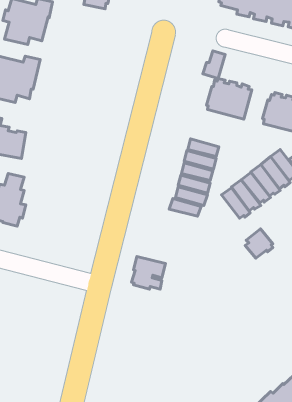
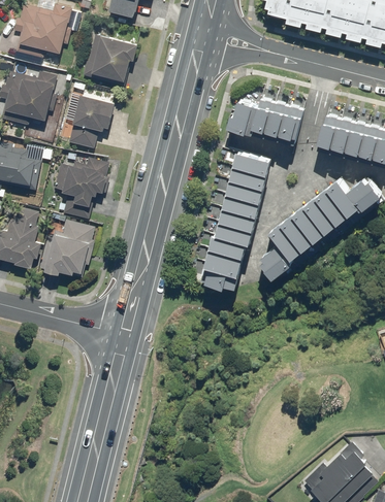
building: none -> [84,34,137,86]
building: [203,51,225,78] -> [226,101,252,133]
building: none -> [70,95,115,147]
building: none -> [232,152,268,174]
building: none -> [55,158,110,219]
building: none -> [40,220,96,275]
building: [245,229,273,258] -> [259,244,291,278]
building: [132,256,165,289] -> [201,250,240,289]

